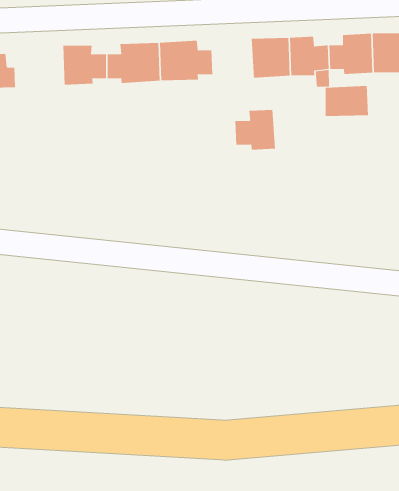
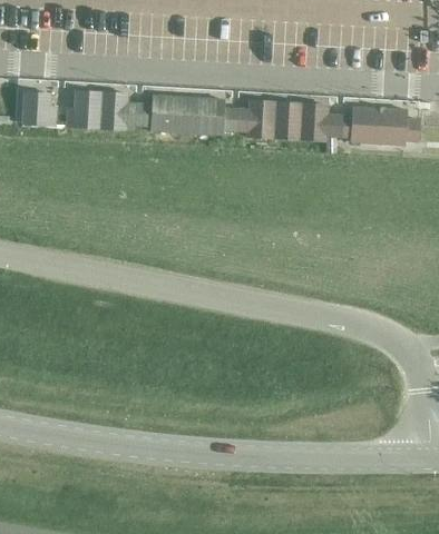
building: none -> [67,90,101,127]
building: [325,85,369,117] -> none
building: [235,109,276,150] -> [234,100,271,137]

